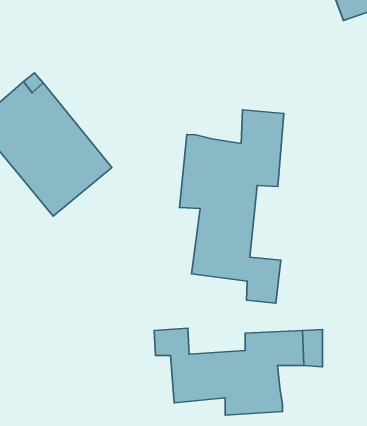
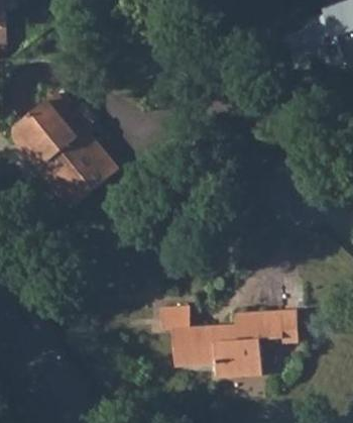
building: [179,110,284,303] -> none

